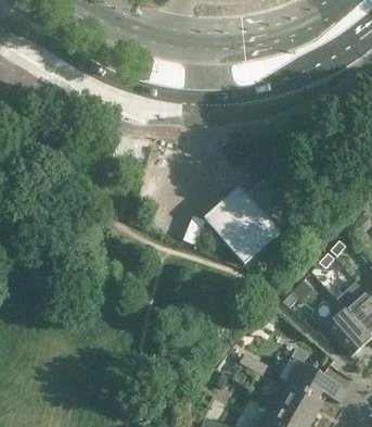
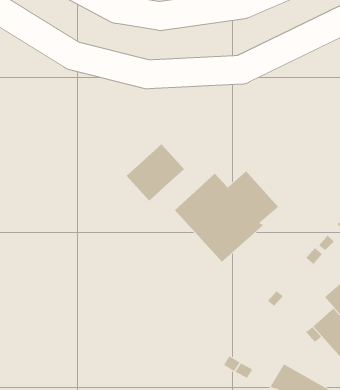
building: none -> [126,143,185,201]

